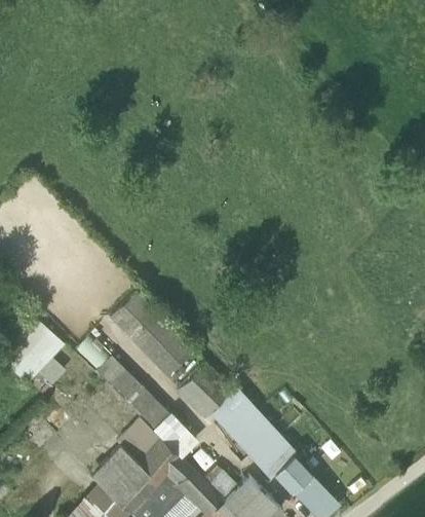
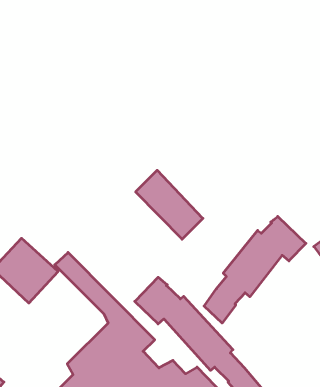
building: none -> [204,216,306,323]
building: [109,293,192,378] -> [136,170,203,239]

